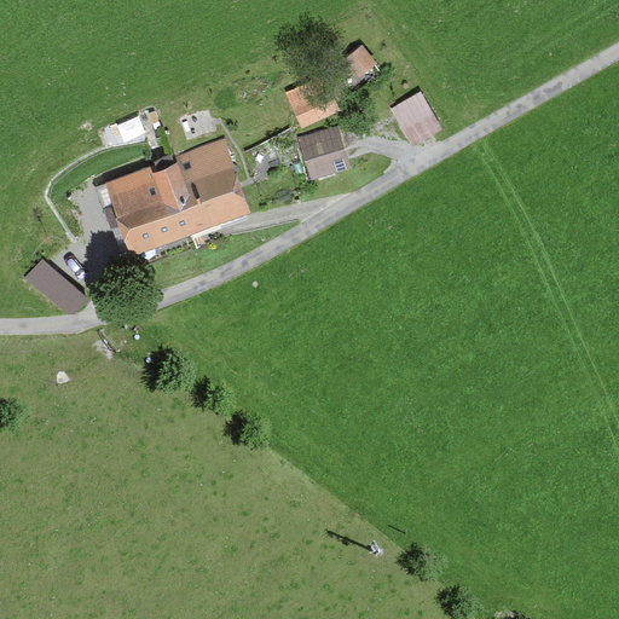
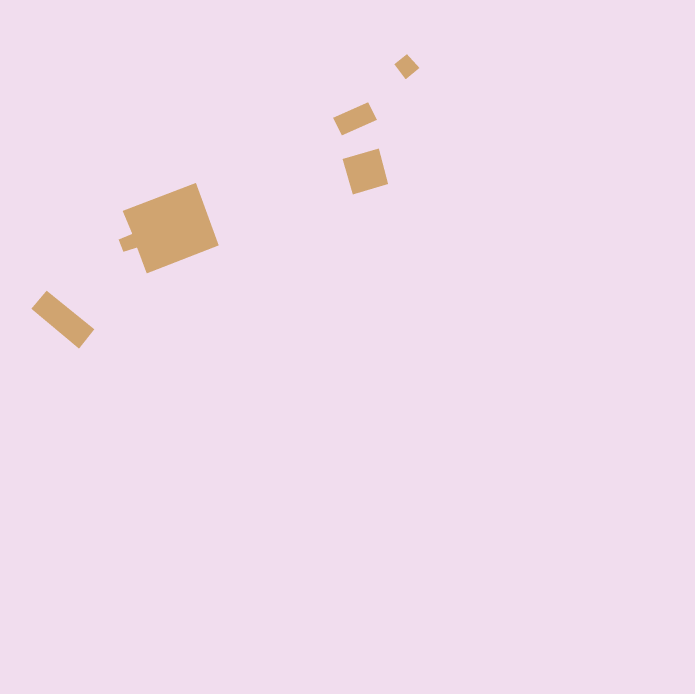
building: [391,89,442,143] -> none
building: [174,149,236,221] -> none

